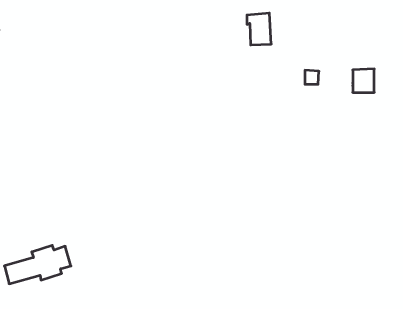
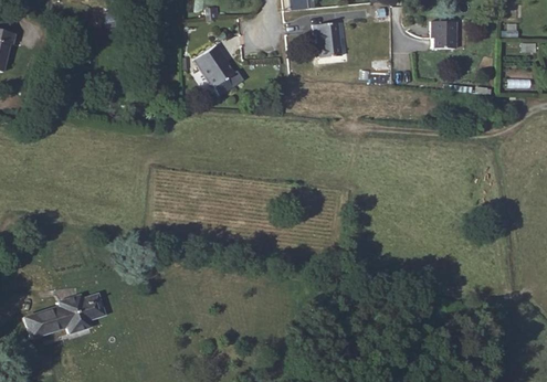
building: none -> [197,43,238,92]
building: [353,69,374,92] -> [431,19,456,46]

